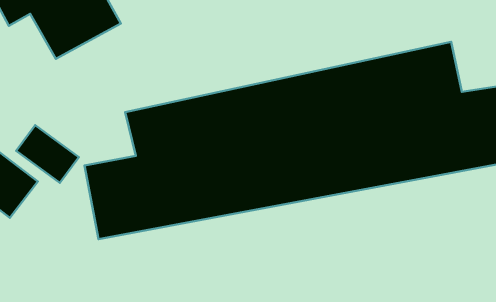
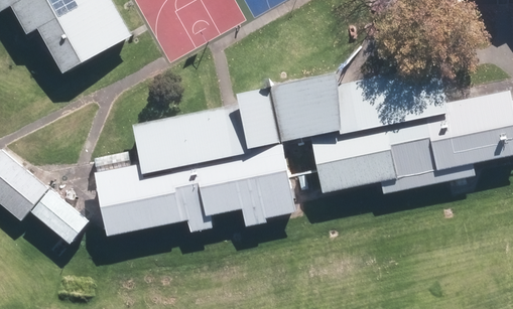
building: [16,125,79,183] -> [30,189,90,244]

